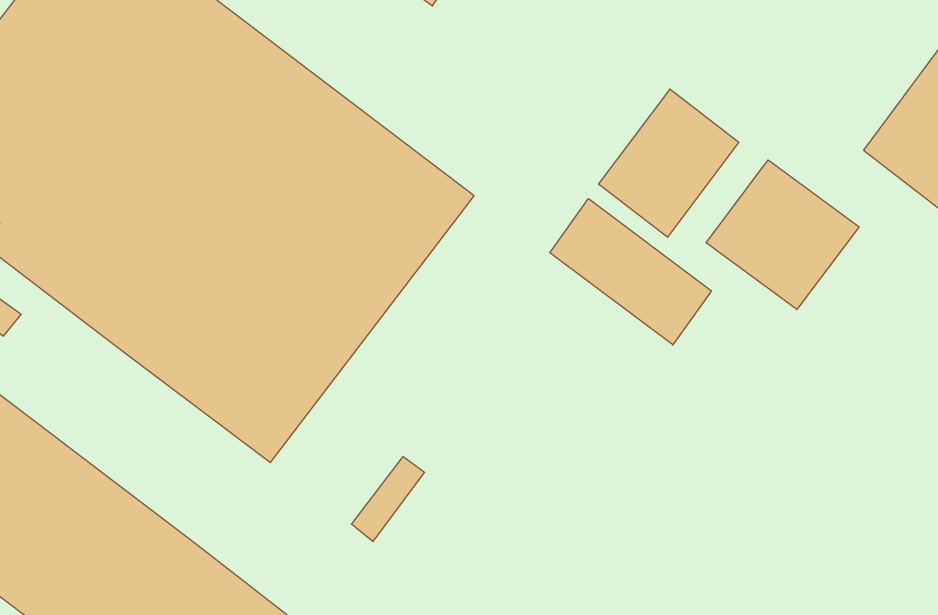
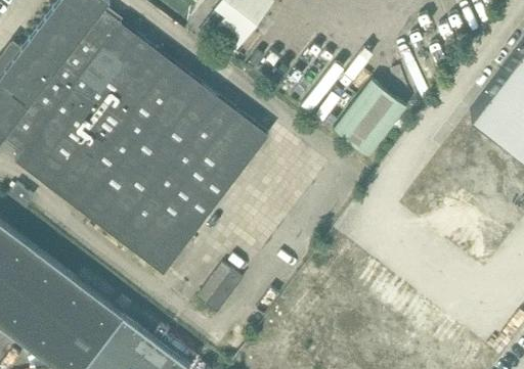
building: [706,160,859,310] -> none
building: [550,199,711,345] -> none

